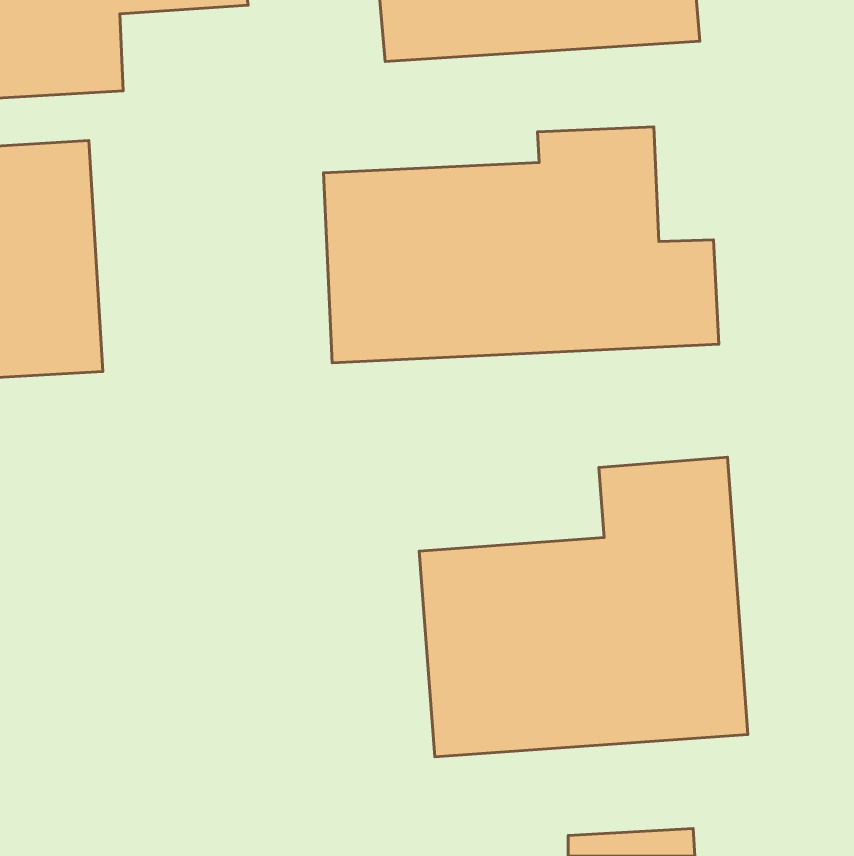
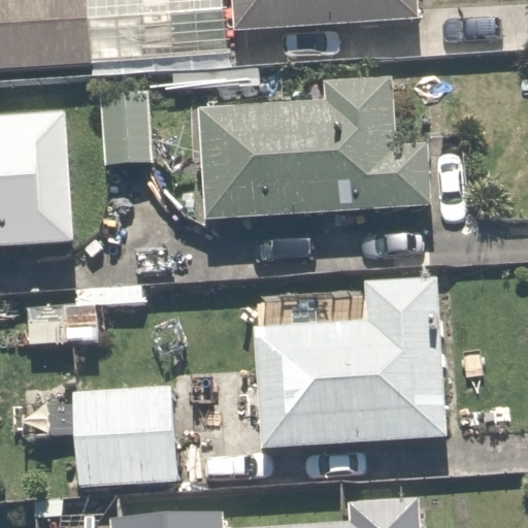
building: none -> [61,375,166,471]

